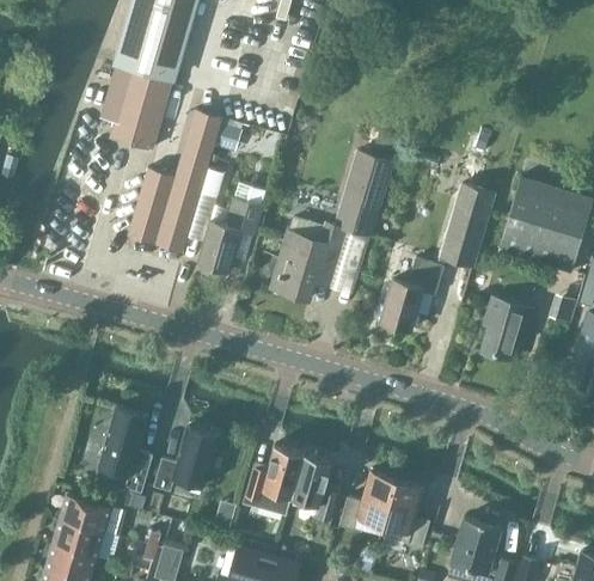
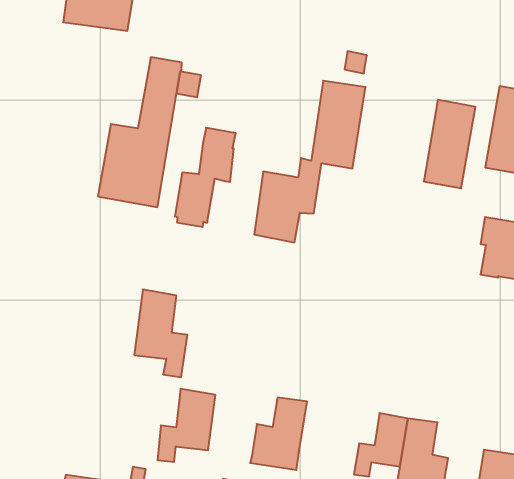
building: [99,67,174,151] -> none
building: [380,259,442,331] -> none
building: [98,408,151,495] -> [134,289,187,377]
building: [290,453,338,522] -> none

